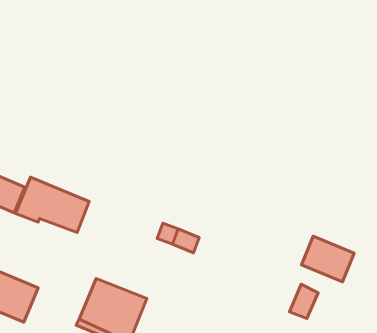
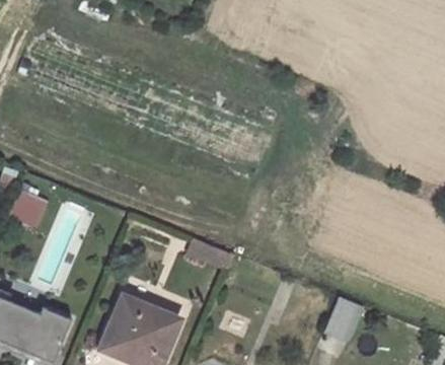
building: [15,177,89,233] -> none
building: [301,236,354,282] -> none

